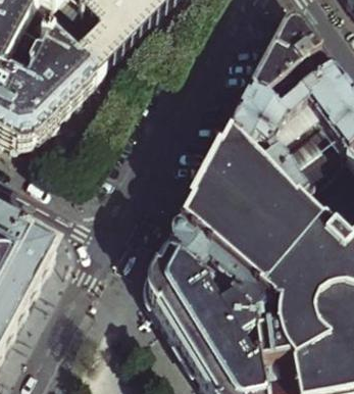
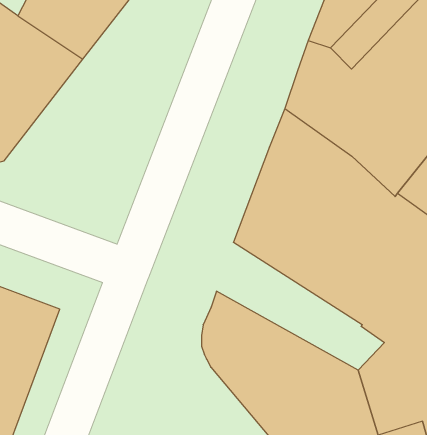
building: [162,219,271,318] -> none

